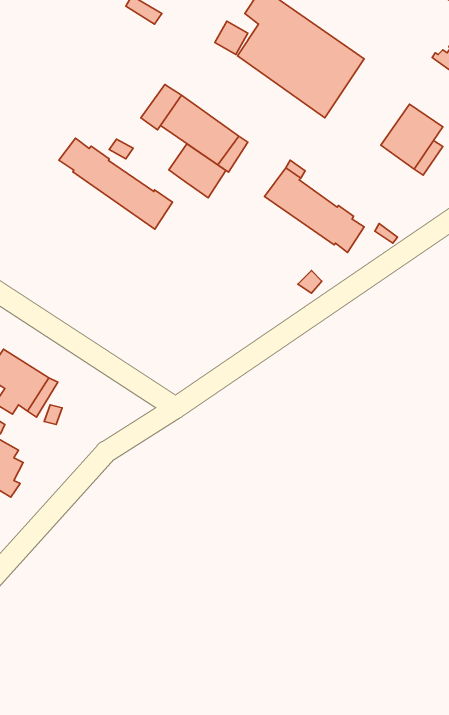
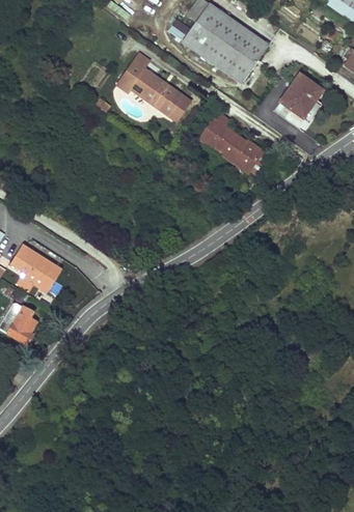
building: [59,138,172,229] -> none
building: [169,144,226,198] -> none

